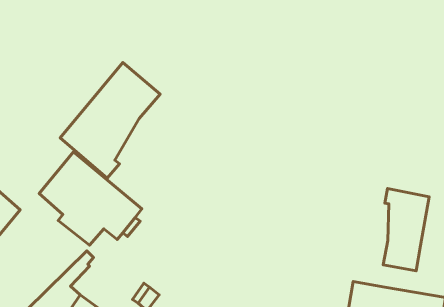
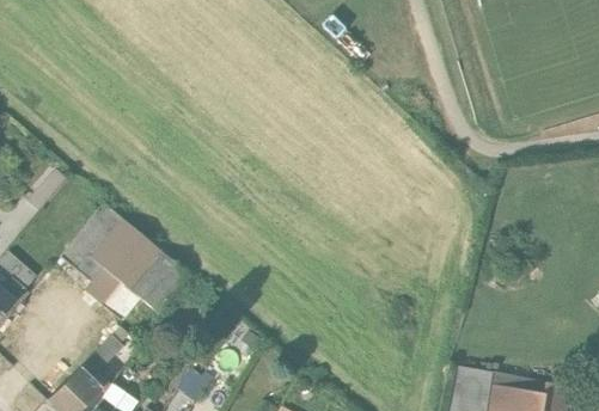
building: [60,62,160,178] -> none
building: [383,189,429,271] -> none

